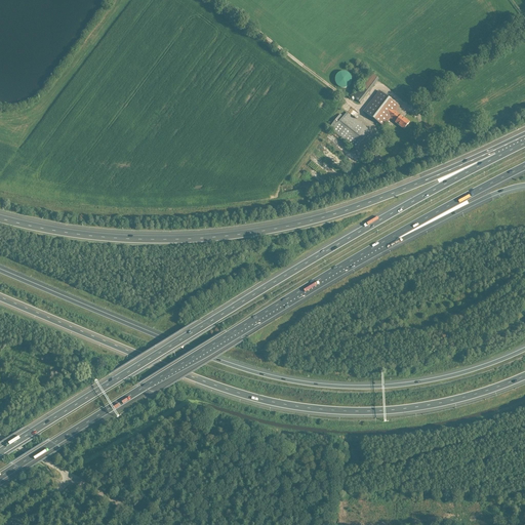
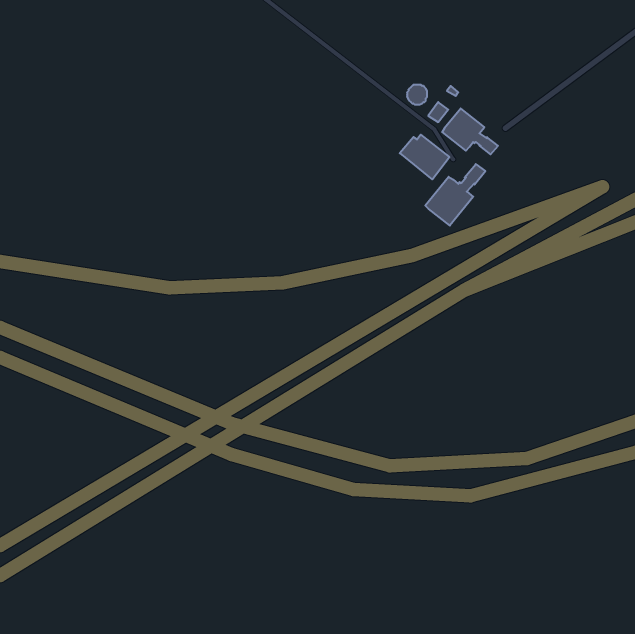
building: none -> [425,164,485,226]

